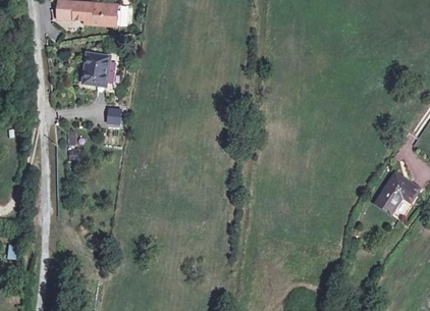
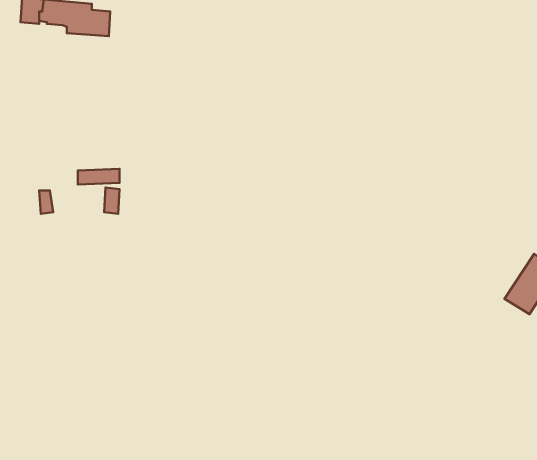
building: [84,54,111,86] -> none

